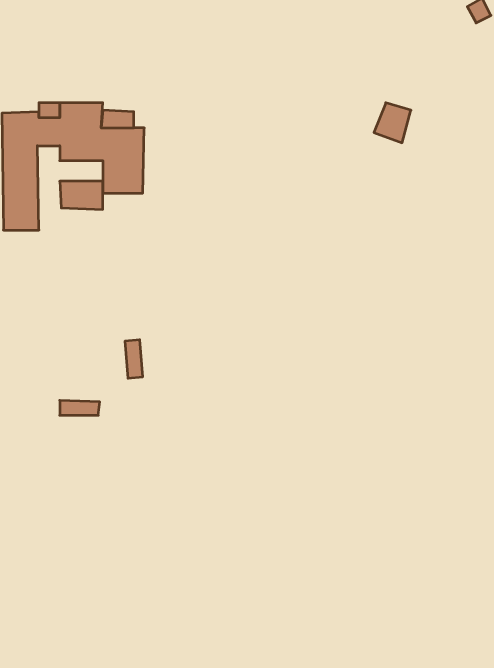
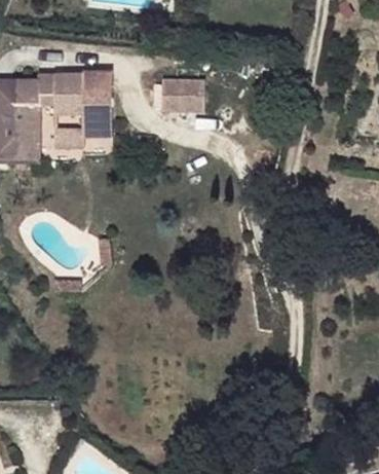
building: none -> [158,78,201,112]

